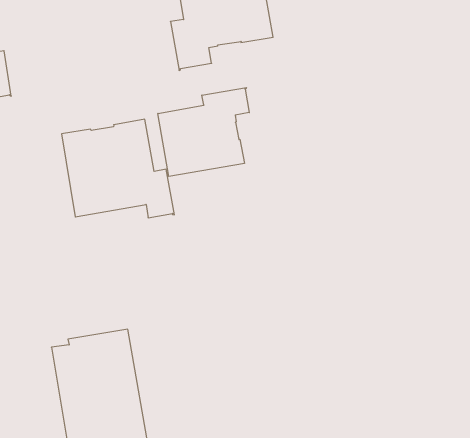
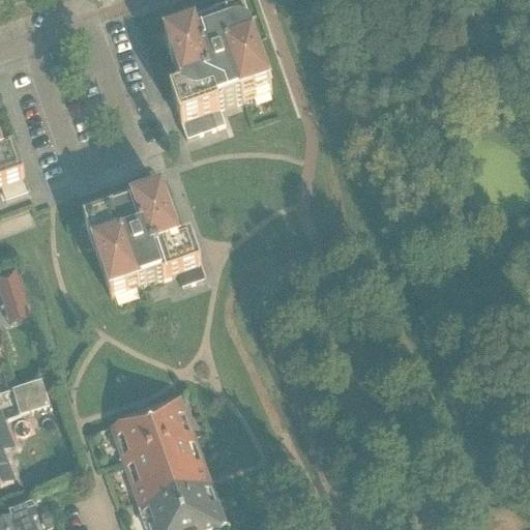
building: [158,88,249,176] -> none

